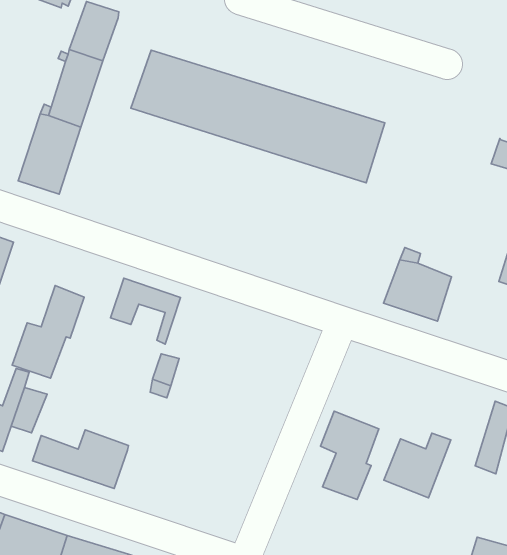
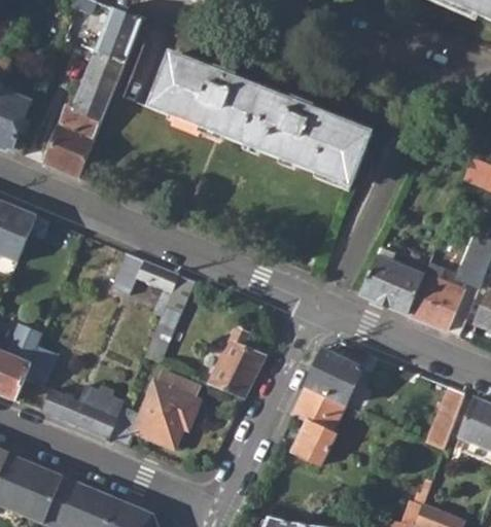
building: none -> [404,264,458,329]
building: [12,286,84,378] -> none
building: none -> [209,327,264,398]
building: none -> [108,370,201,449]
building: [384,433,451,498] -> [307,347,369,403]

